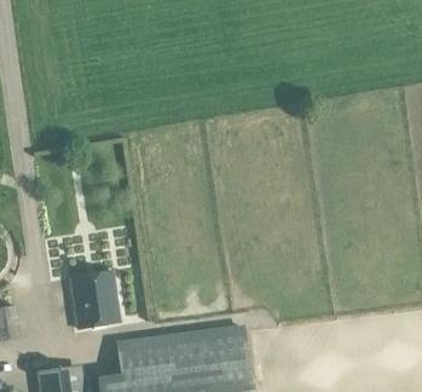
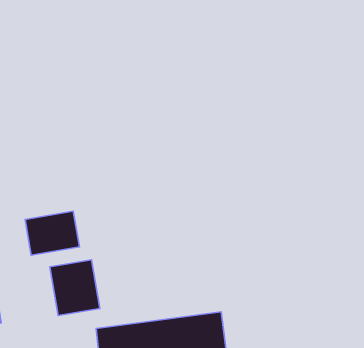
building: none -> [25,211,79,255]

